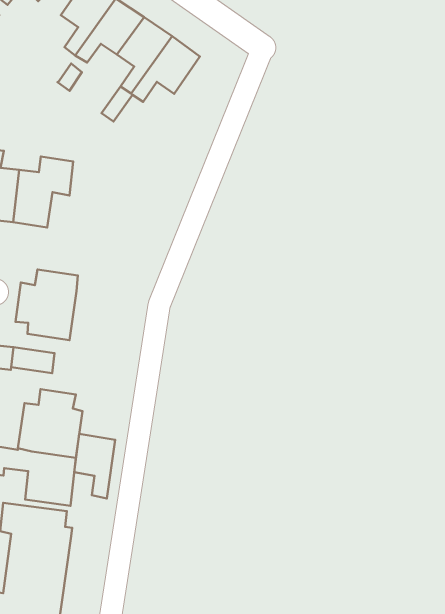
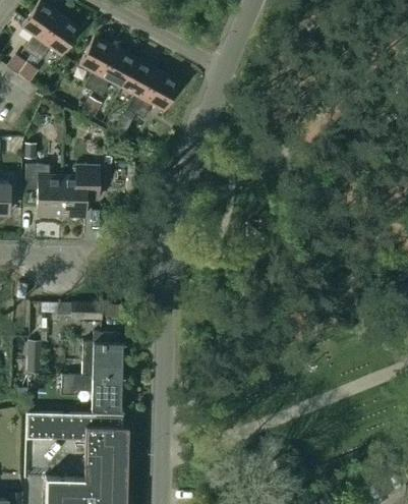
building: [15,269,78,340] -> none
building: [74,434,115,498] -> none

